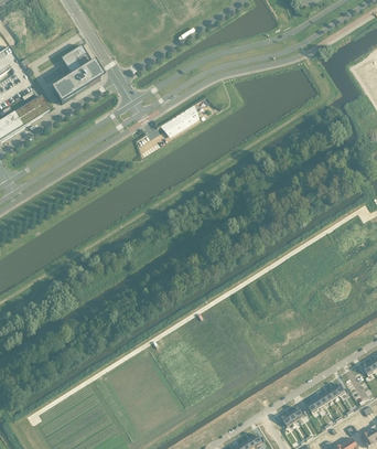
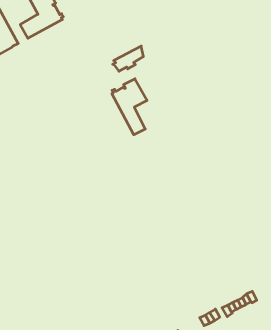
building: none -> [112,79,147,135]

